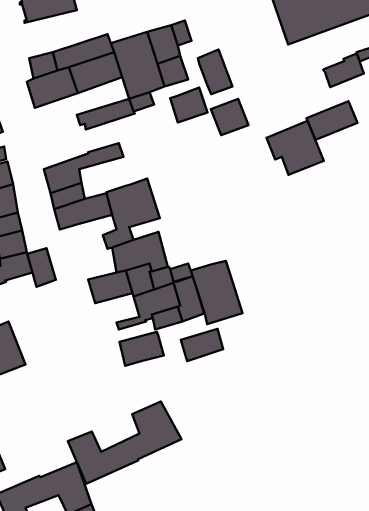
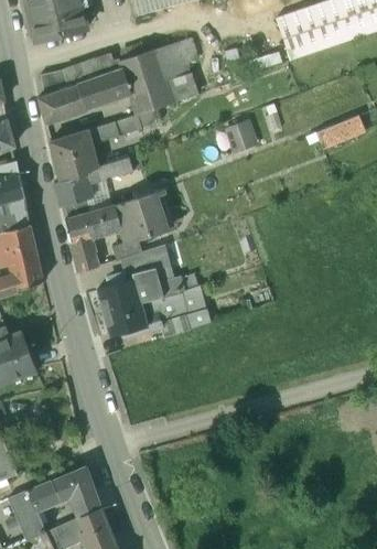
building: [198,50,232,94] -> none
building: [323,53,364,87] -> none
building: [170,87,207,122] -> none
building: none -> [51,129,98,180]
building: [266,121,324,175] -> none
building: [27,248,56,287] -> [71,235,98,272]
building: [191,261,242,324] -> none
building: [181,329,223,361] -> none
building: [119,332,164,366] -> [105,302,148,335]
building: [68,402,182,484] -> none

